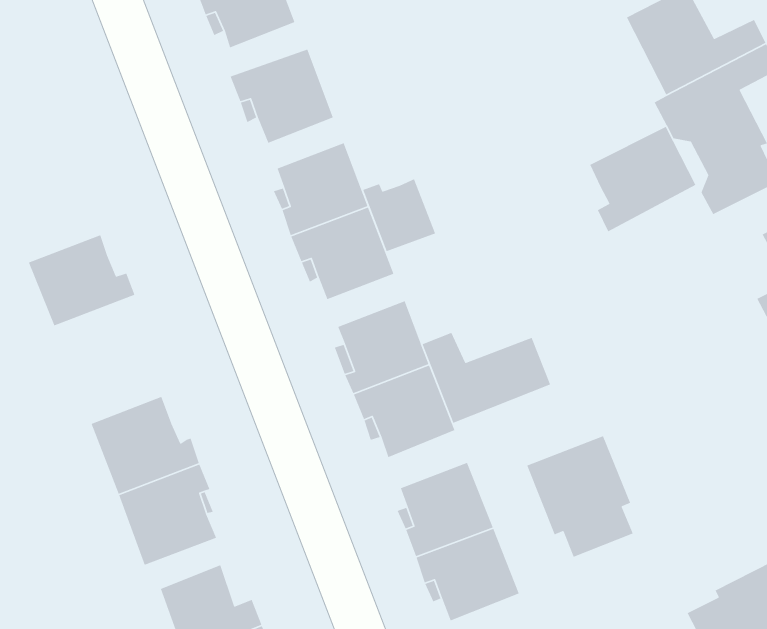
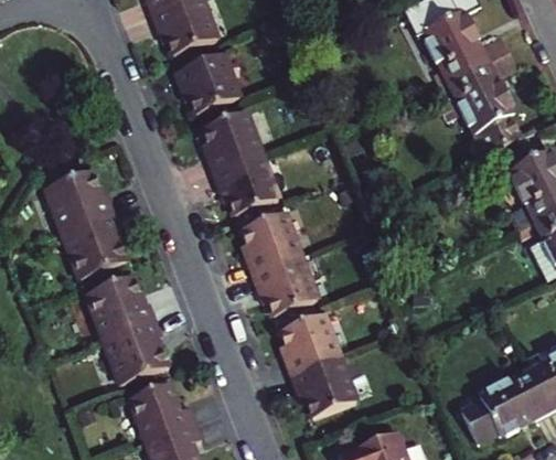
building: [589,126,697,233] -> none
building: [362,178,436,252] -> none
building: none -> [62,208,125,274]
building: [422,332,551,424] -> none
building: [526,435,634,558] -> none

